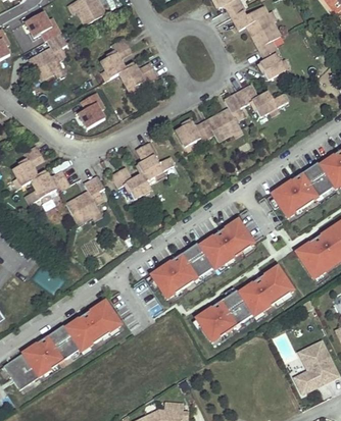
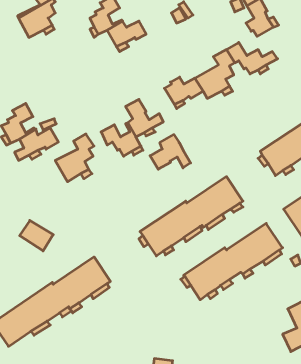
building: [75,92,106,129] -> none
building: none -> [150,135,191,169]

